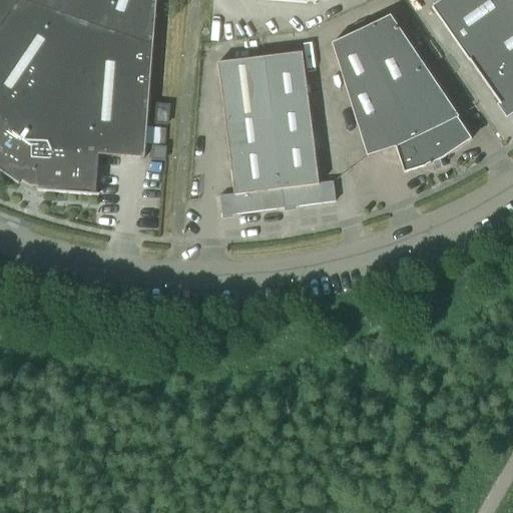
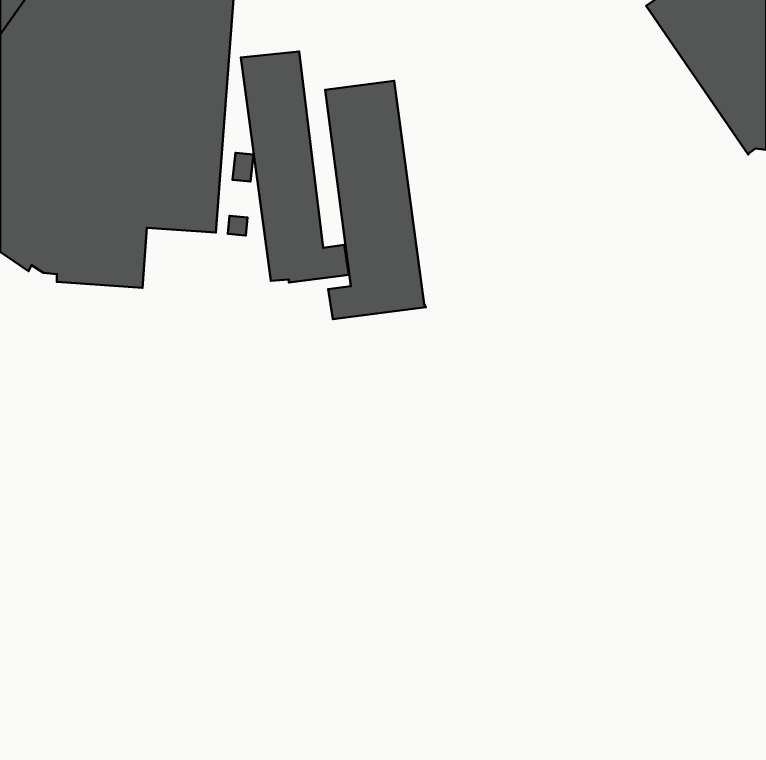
building: [332,13,471,170] -> none
building: [264,50,336,204] -> [241,52,349,282]

